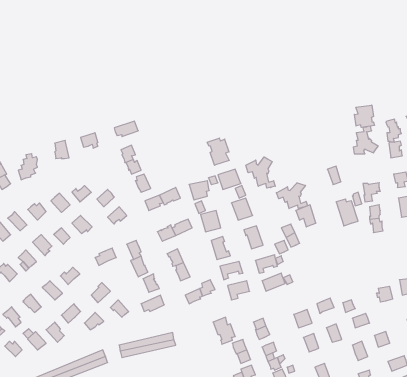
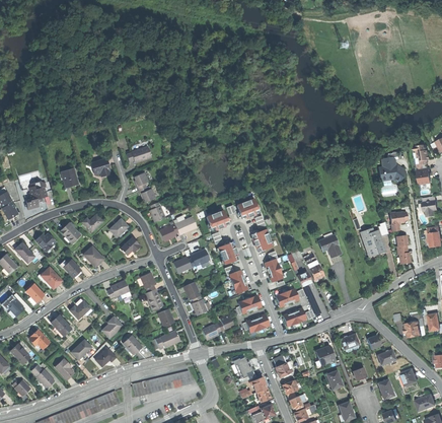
building: [354,105,374,127] -> none
building: [207,138,229,165] -> none
building: [246,157,275,188] -> none
building: [276,183,307,209] -> none

